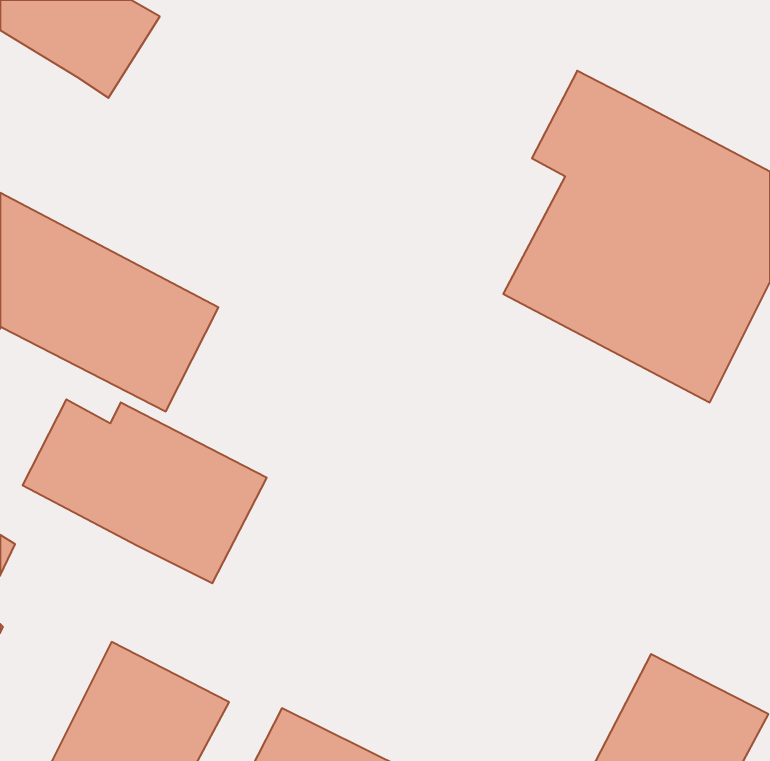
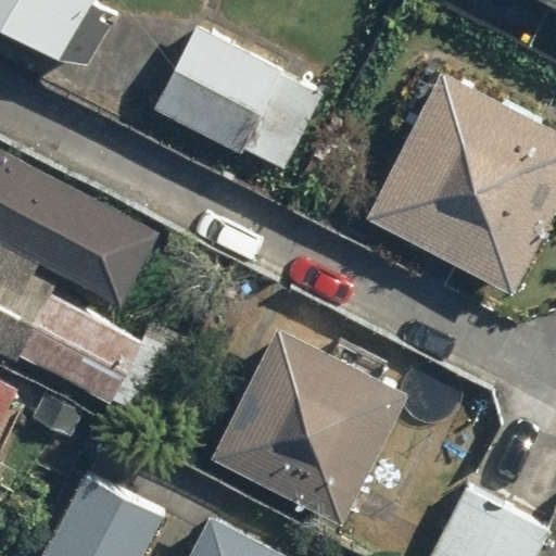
building: none -> [156,30,323,175]
building: none -> [211,327,407,525]

